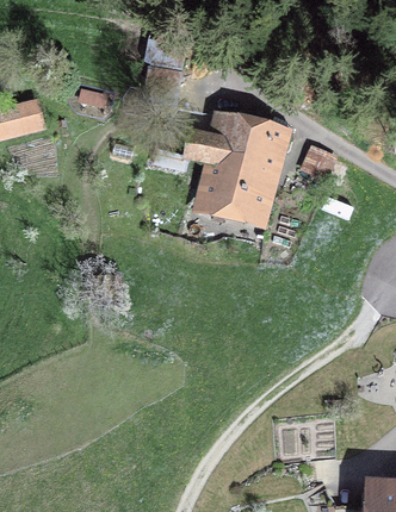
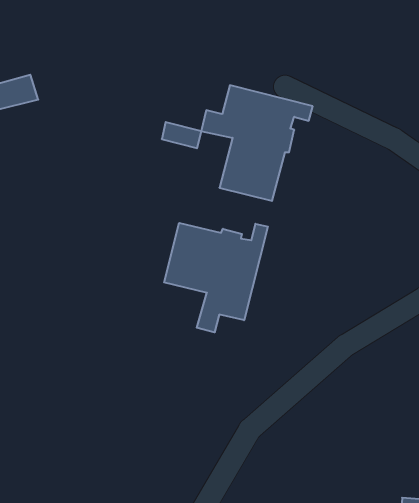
building: none -> [164,223,268,332]

